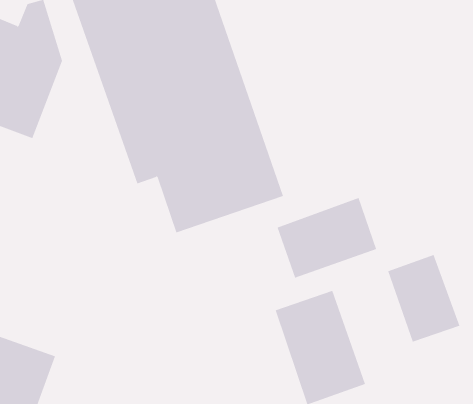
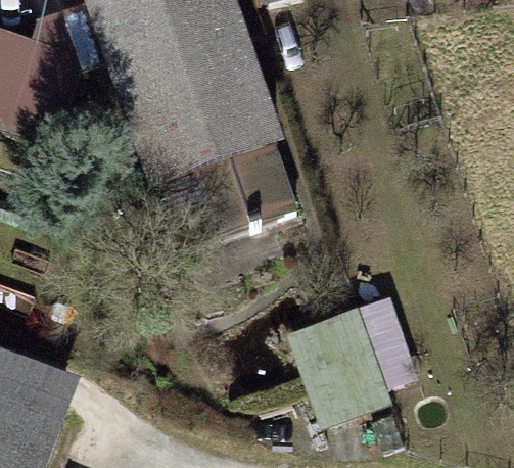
building: [277,197,377,278] -> none
building: [387,254,460,343] -> none

